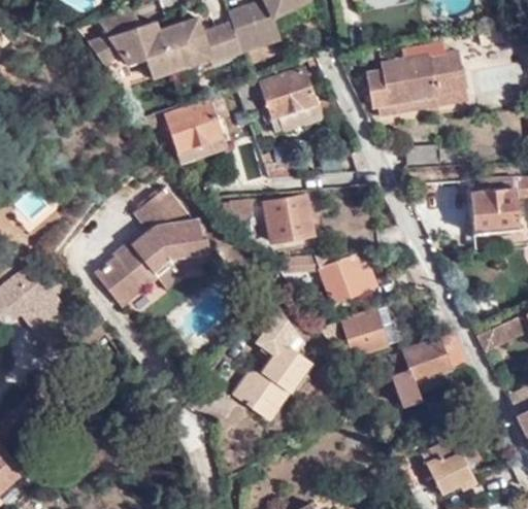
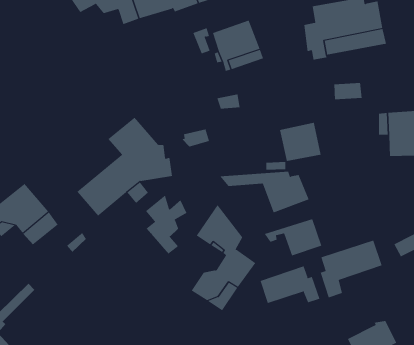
building: [163,99,227,164] -> none
building: [263,195,314,242] -> [279,122,321,162]
building: none -> [145,195,187,255]
building: none -> [260,265,320,304]

